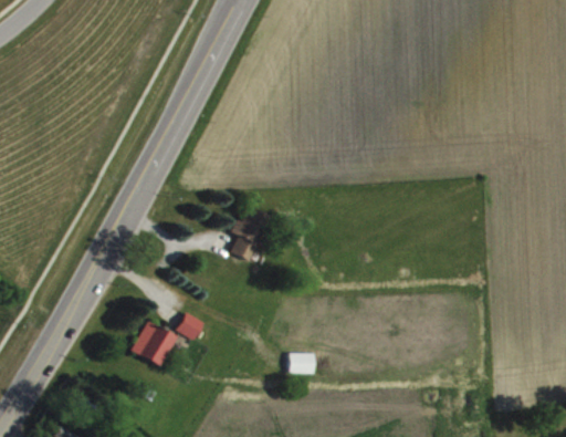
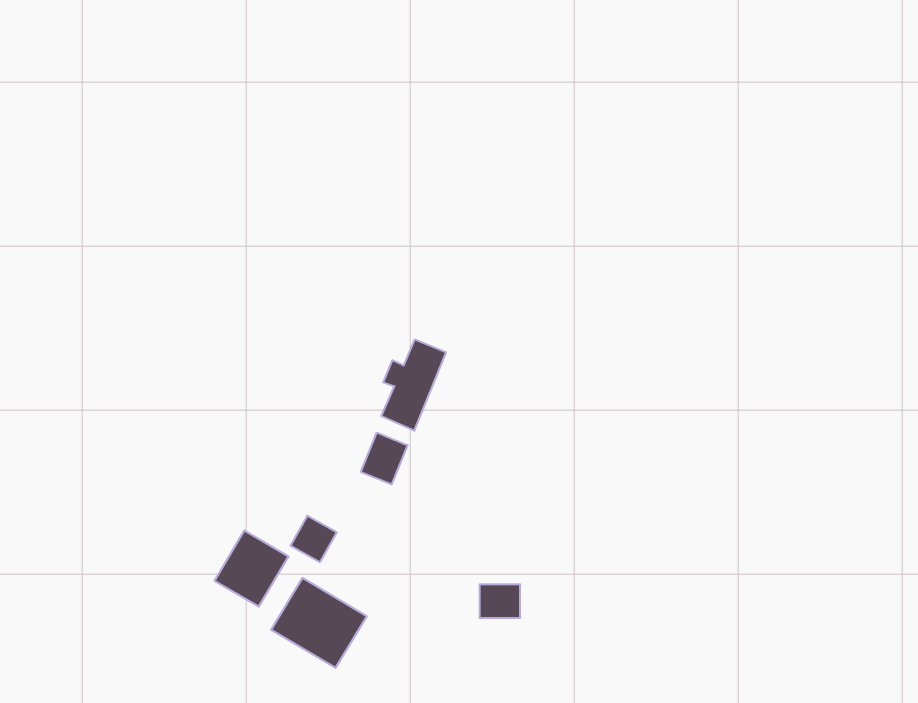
building: none -> [361,433,408,484]
building: none -> [271,578,367,668]

